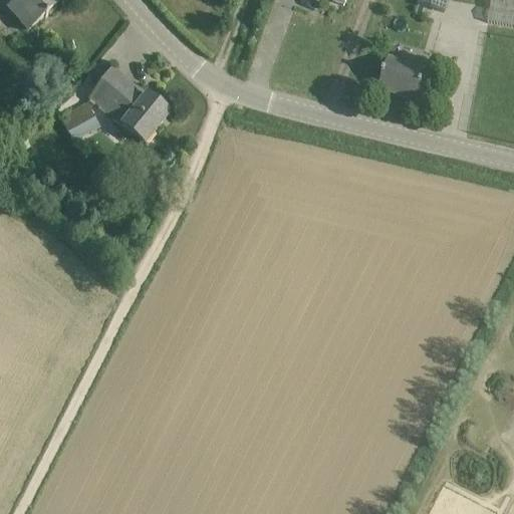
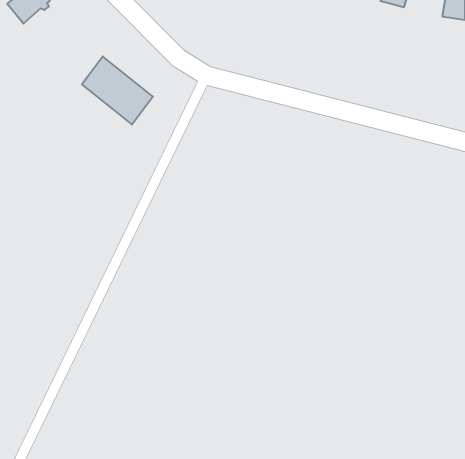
building: [378,55,427,97] -> none
building: [59,99,94,131] -> none

